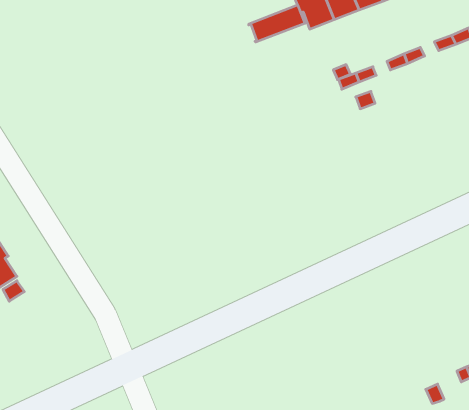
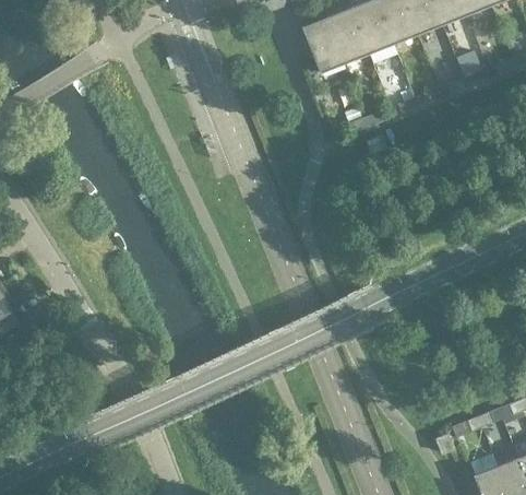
building: [249,5,305,42] -> none

